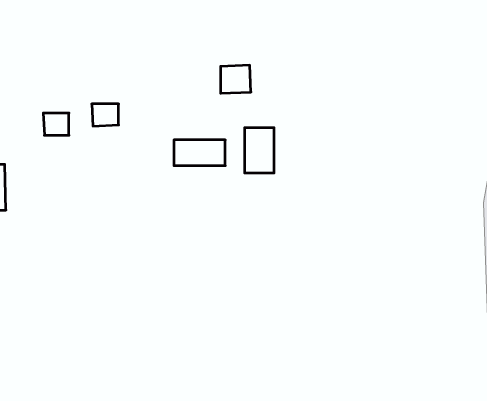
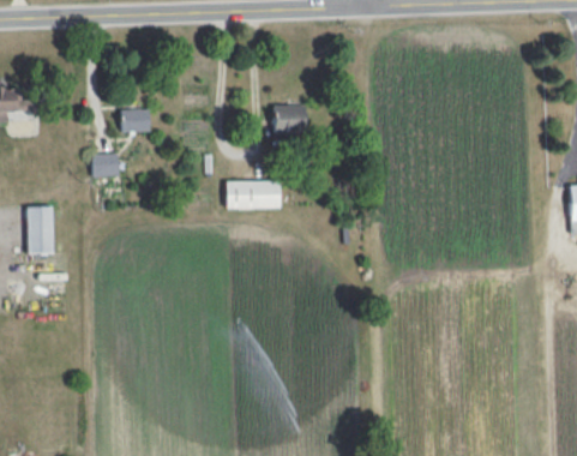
building: [92,104,119,126] -> [121,109,149,132]
building: [245,128,274,173] -> none

